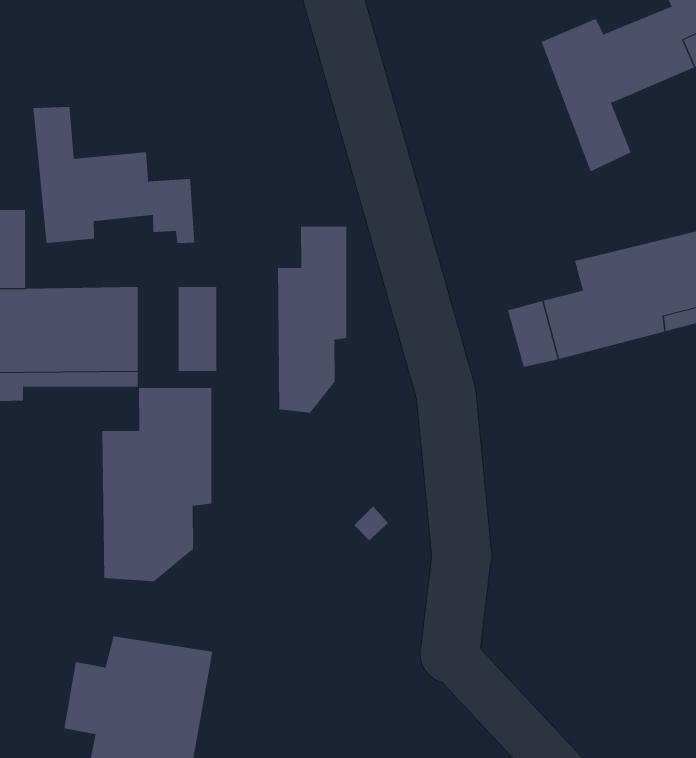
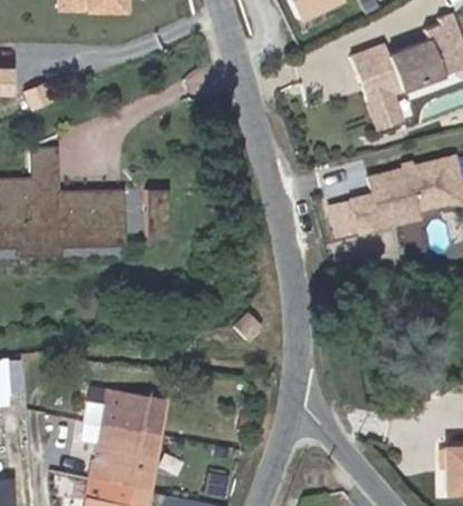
building: [33,106,195,244] -> none
building: [278,226,347,413] -> none
building: [102,387,212,582] -> none

